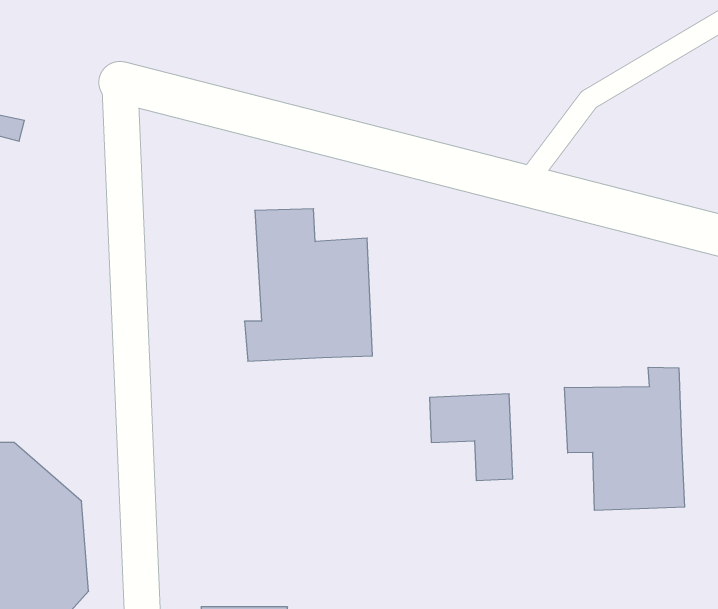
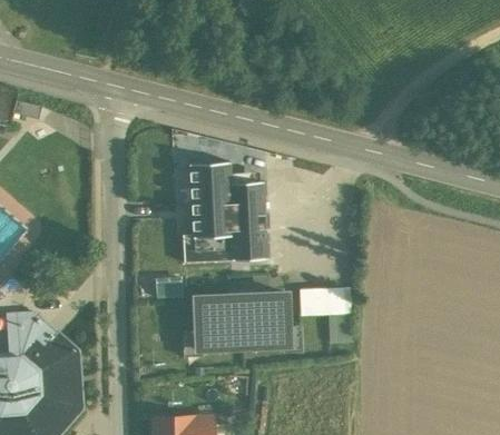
building: [565,367,685,510] -> none
building: none -> [193,294,288,348]

